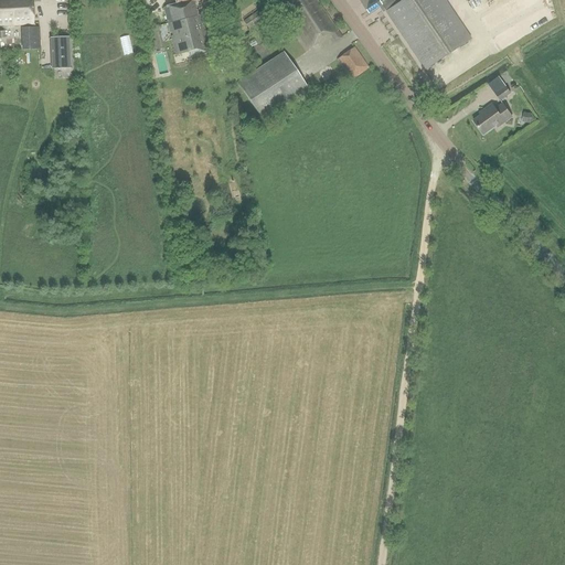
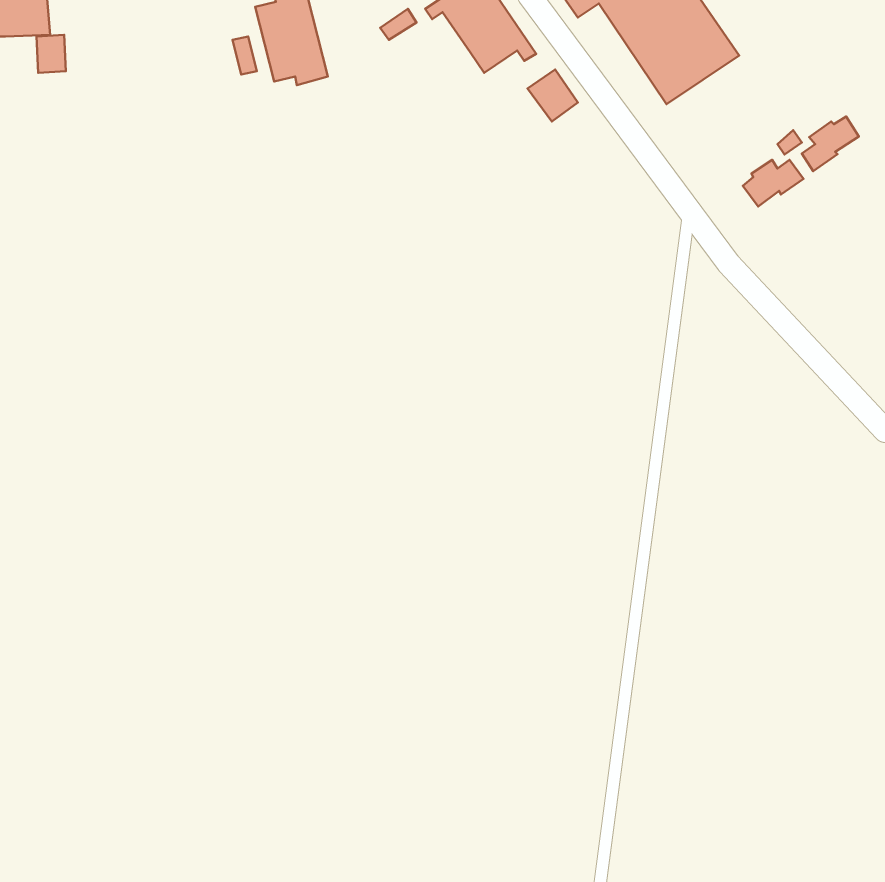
building: [50,34,68,66] -> none
building: [236,49,307,116] -> none
building: none -> [802,117,859,171]

